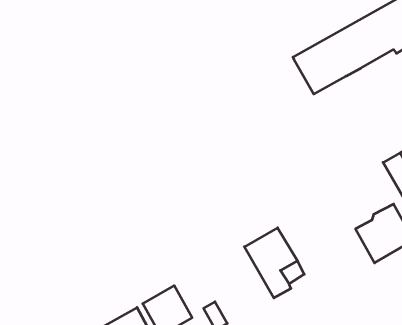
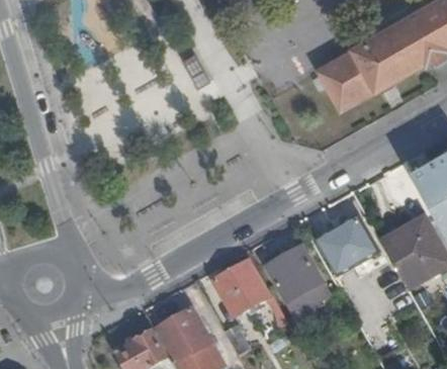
building: none -> [318,216,378,275]
building: none -> [213,262,286,327]

